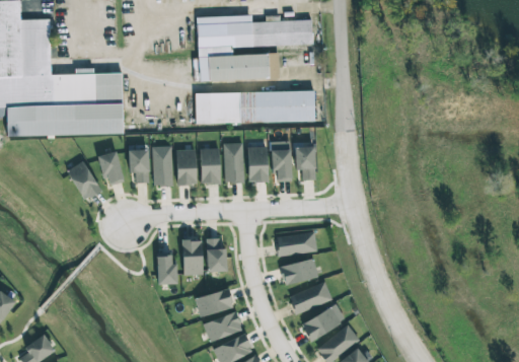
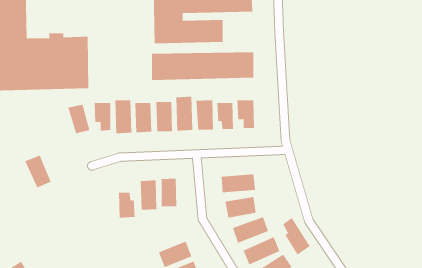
building: [68,161,99,200] -> [25,155,52,188]
building: none -> [282,217,311,255]
building: [196,288,234,316] -> none

